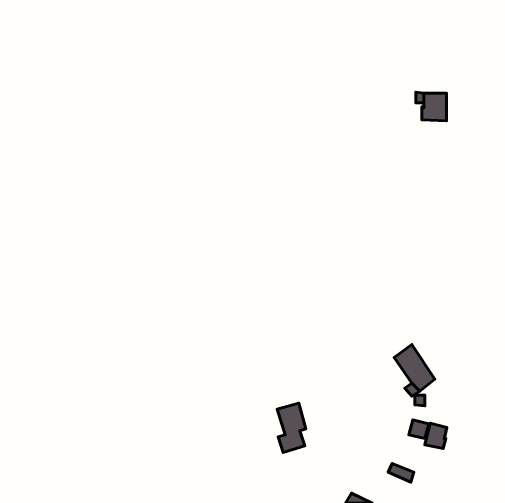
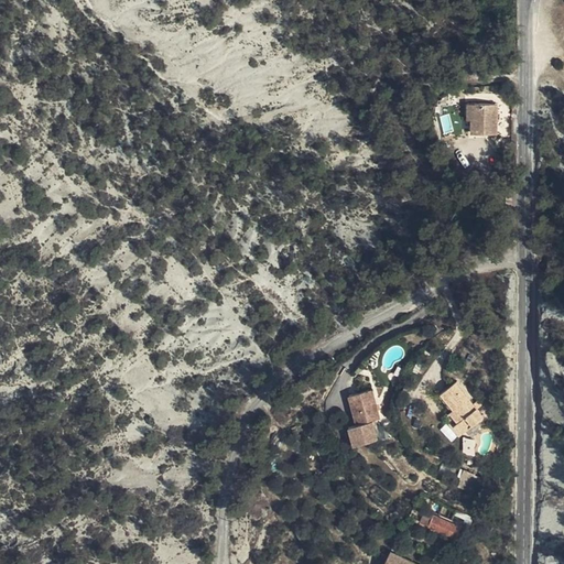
building: [277,403,306,453] -> [346,392,378,447]
building: [425,423,447,449] -> none

